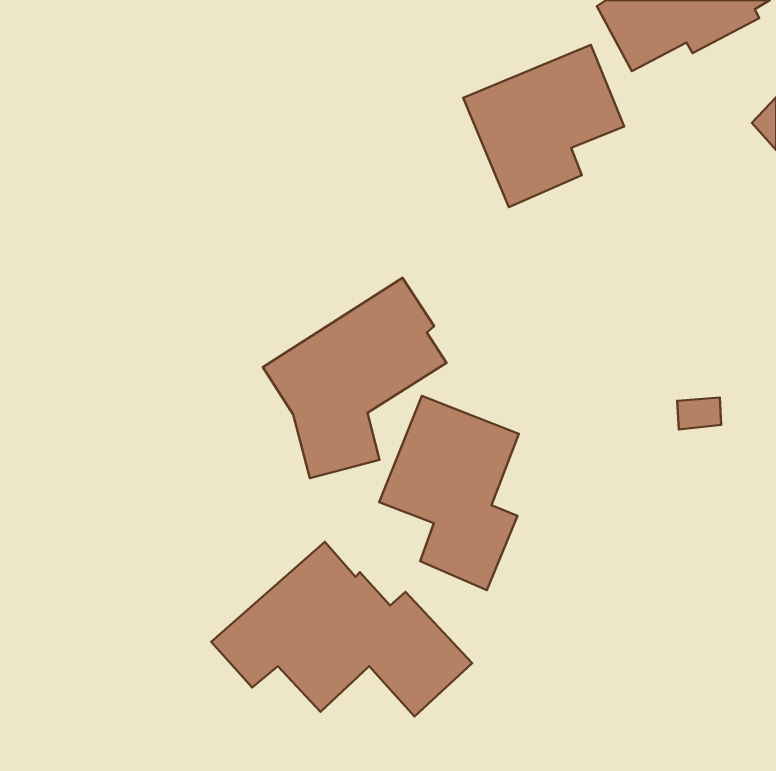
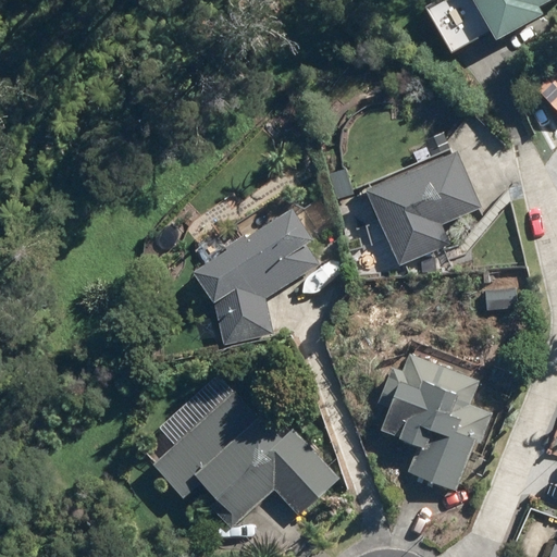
building: [463,45,624,207] -> [363,148,479,264]
building: [379,396,519,590] -> [379,352,479,492]

